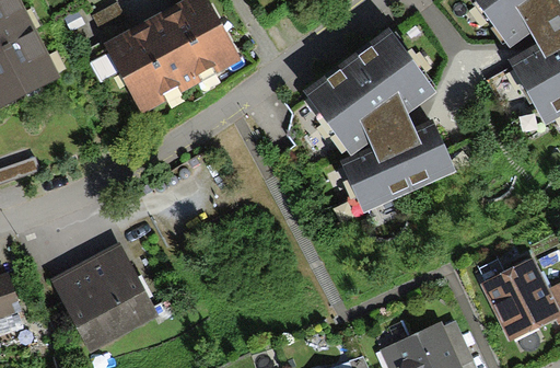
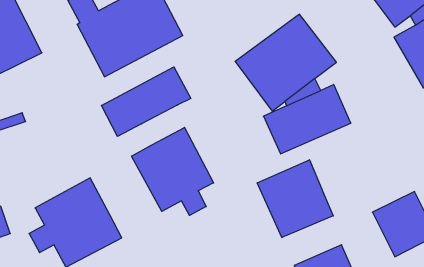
building: none -> [101,67,191,136]
building: none -> [132,127,214,215]
building: none -> [257,160,333,238]

